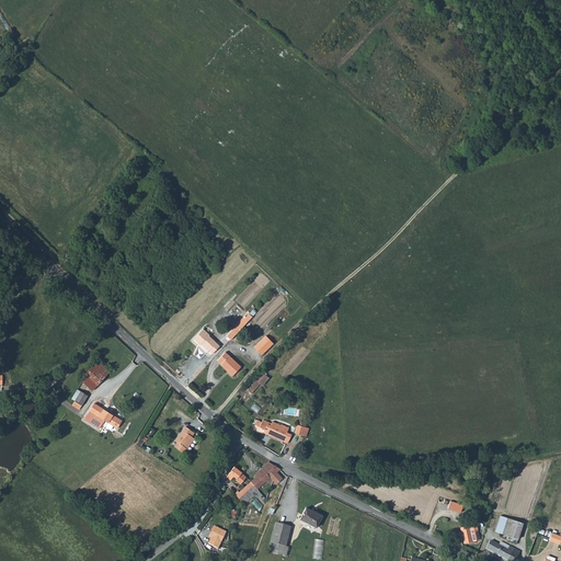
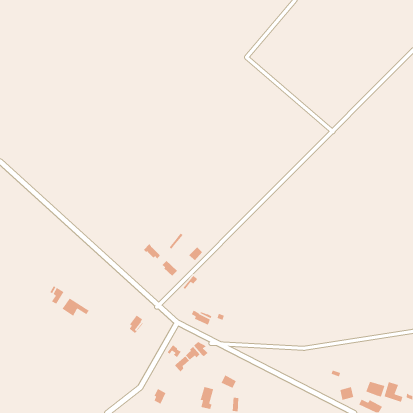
building: [79,359,110,391] -> none
building: none -> [384,381,403,403]

